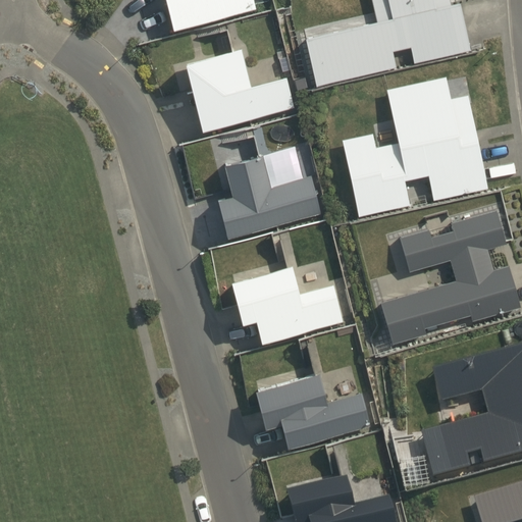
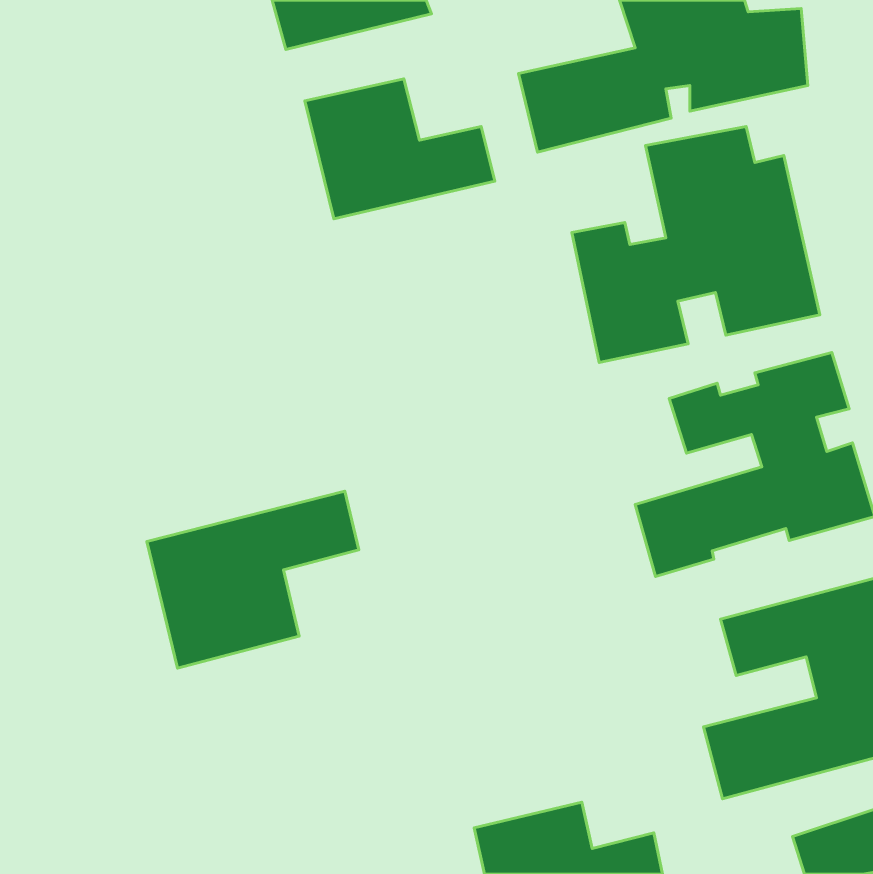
building: [217,153,323,237] -> none
building: [228,265,345,343] -> none
building: none -> [147,491,359,668]
building: [253,372,371,447] -> none

